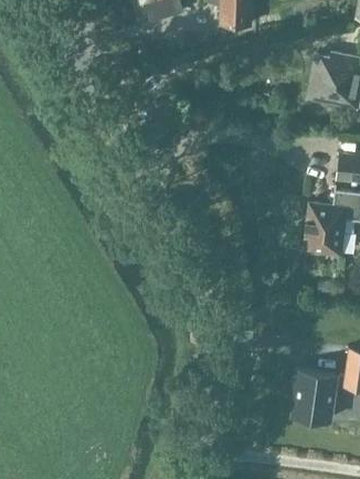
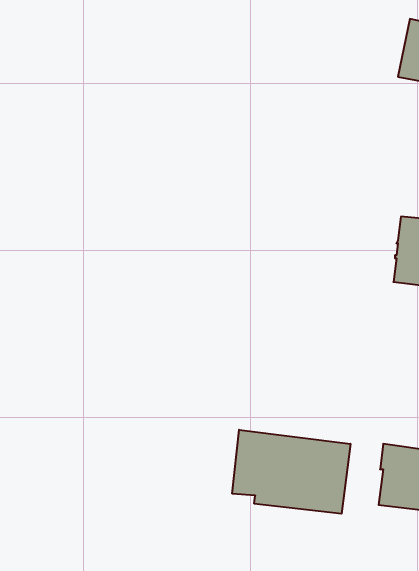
building: none -> [232,430,350,514]

